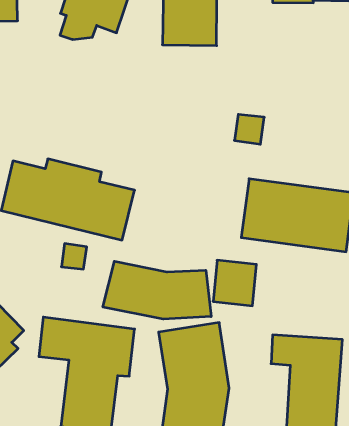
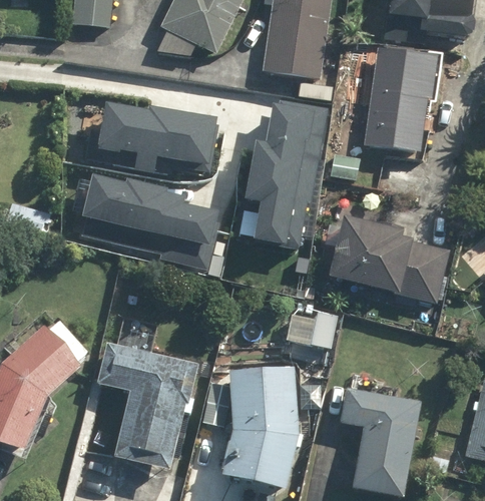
building: none -> [365,43,446,155]
building: none -> [234,95,328,248]
building: none -> [93,103,218,167]
building: [103,261,211,319] -> none

